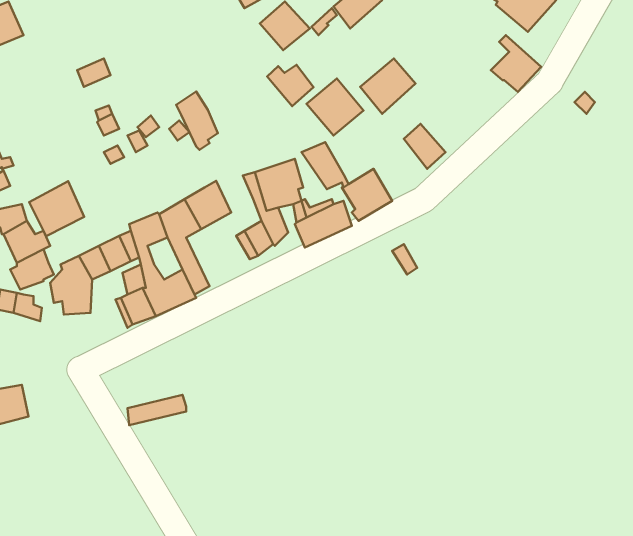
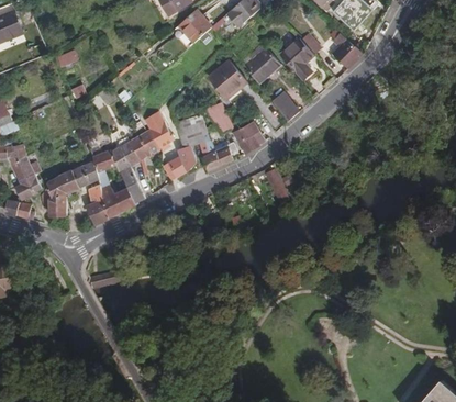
building: none -> [280,35,314,79]
building: [267,65,313,106] -> none
building: [176,91,218,150] -> [145,113,173,152]
building: [29,181,84,236] -> none

